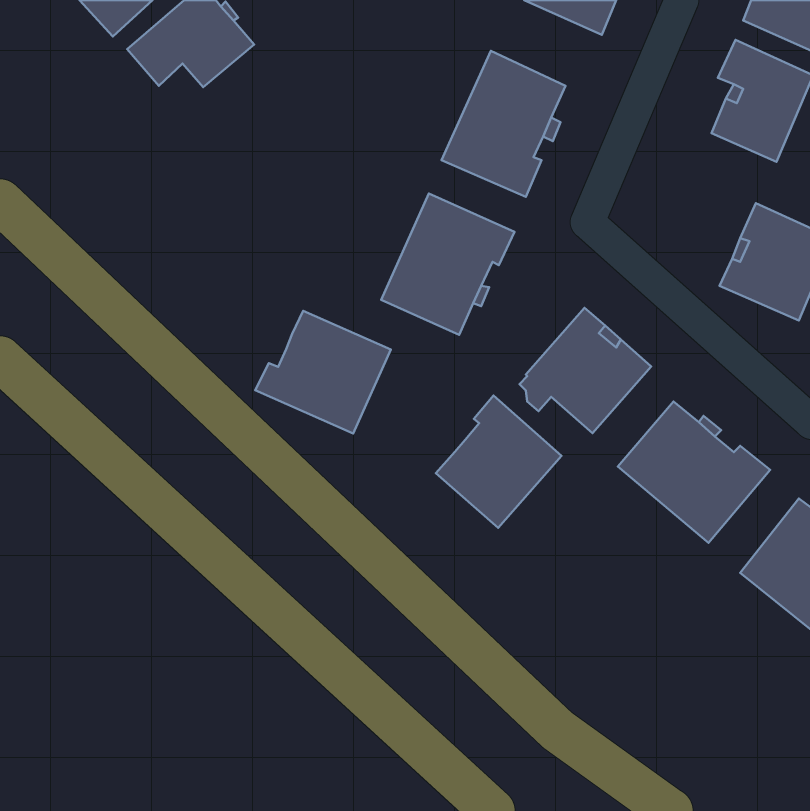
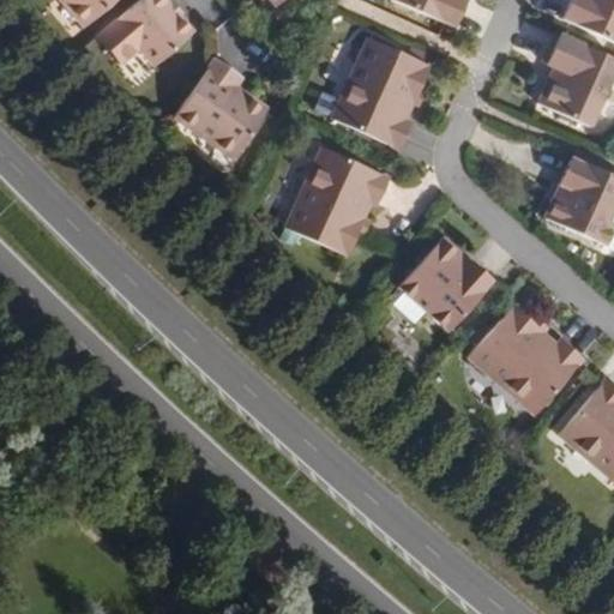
building: none -> [175,59,265,158]
building: [255,311,391,434] -> none
building: [436,396,562,528] -> none

